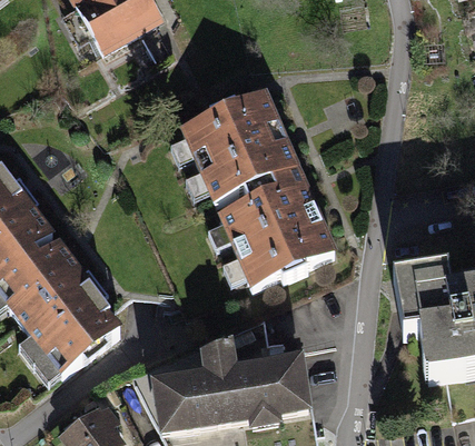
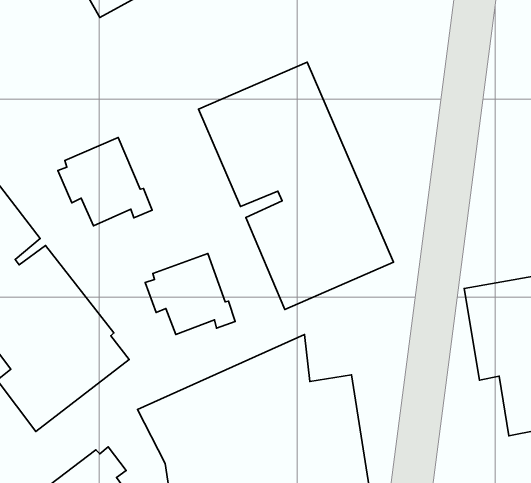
building: none -> [58,138,152,226]
building: none -> [145,253,235,335]

